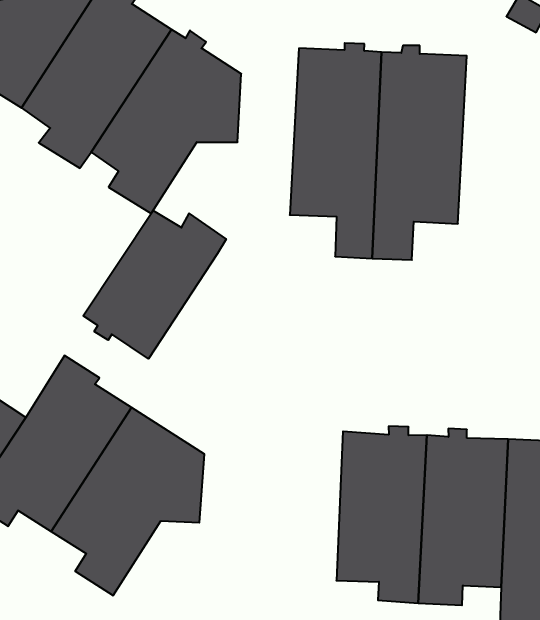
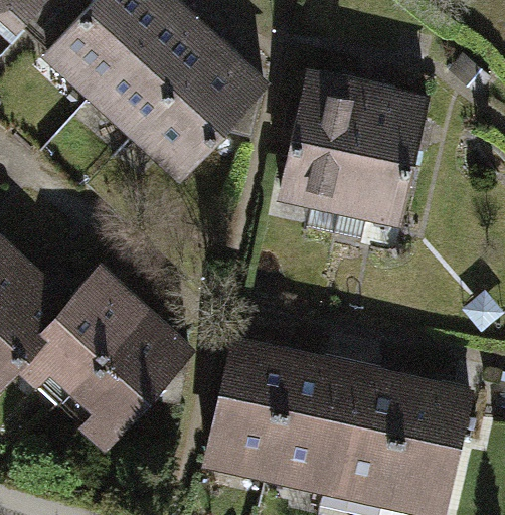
building: [83,210,226,359] -> none
building: none -> [204,341,290,468]

